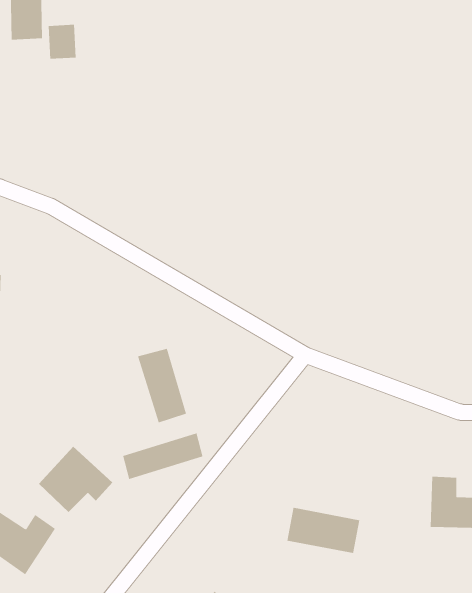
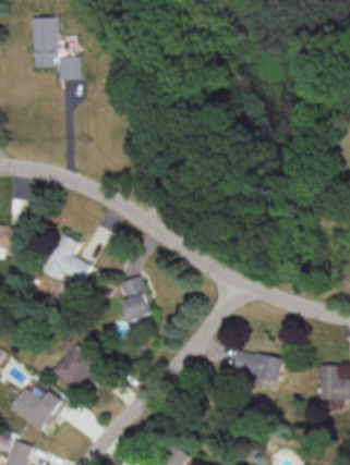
building: none -> [43,232,92,281]
building: [122,433,203,480] -> none
building: [287,507,360,554] -> [232,350,282,381]

